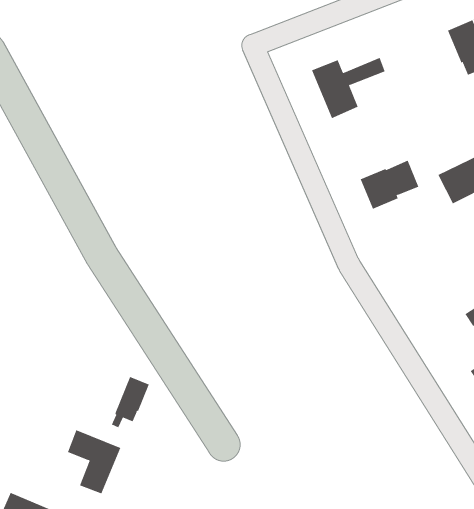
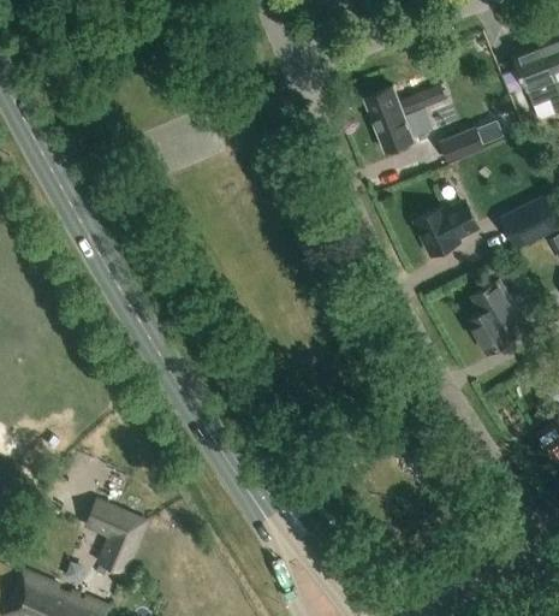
building: none -> [442,126,487,162]
building: none -> [468,280,521,354]
building: [111,376,150,428] -> none

